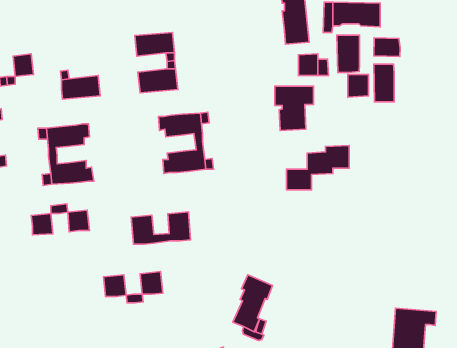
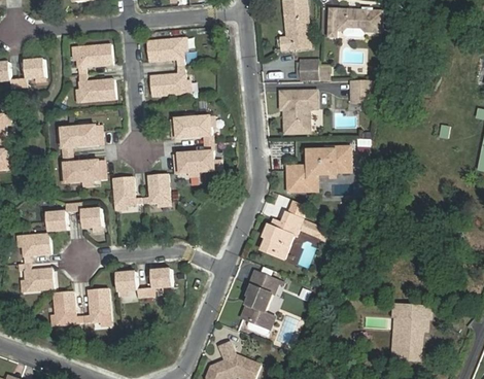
building: [337,35,360,73] -> none
building: [374,38,400,56] -> none
building: none -> [71,44,109,67]
building: [374,64,394,102] -> none
building: [131,212,191,244] -> [112,174,169,205]
building: none -> [261,211,303,259]
building: none -> [21,235,55,291]
building: none -> [56,288,113,325]

